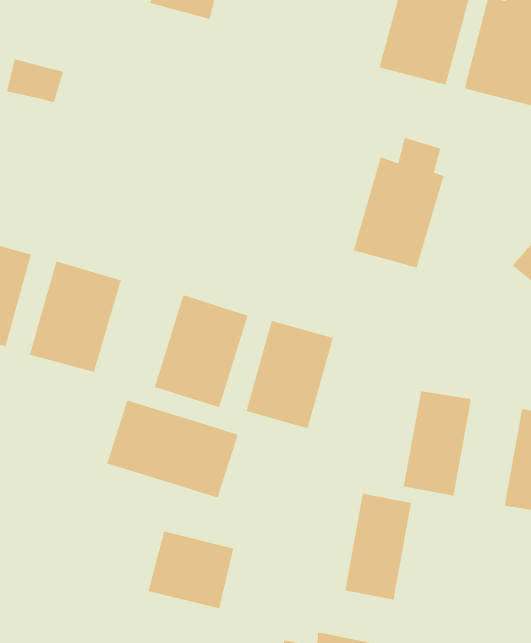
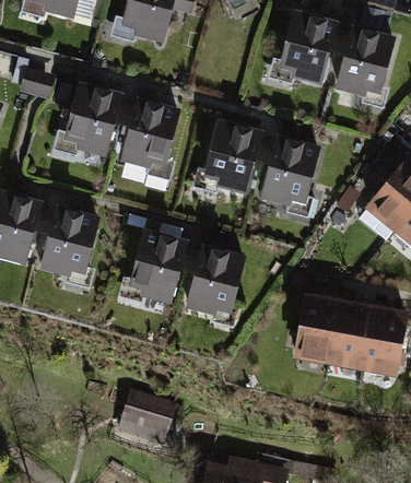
building: none -> [56,81,122,160]
building: none -> [121,99,180,173]
building: none -> [201,120,262,196]
building: [106,400,239,498] -> none
building: [344,493,412,600] -> [327,301,373,374]

